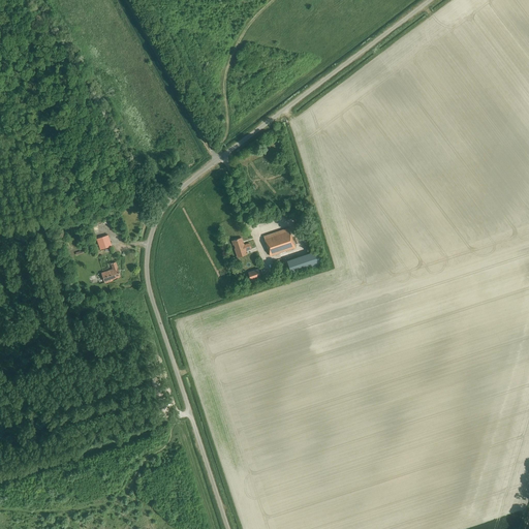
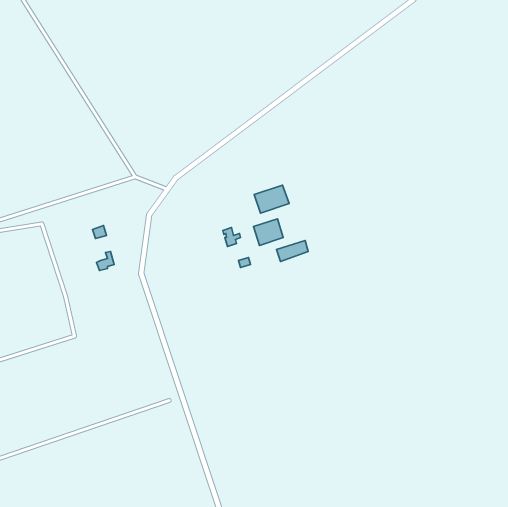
building: none -> [254,185,289,213]

